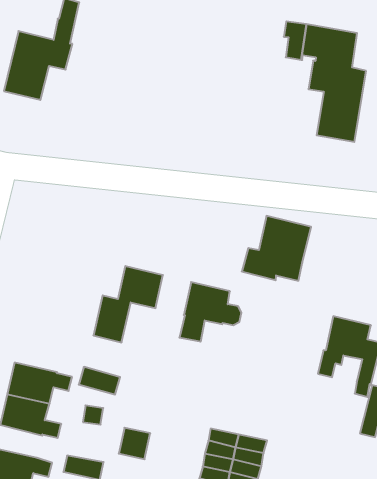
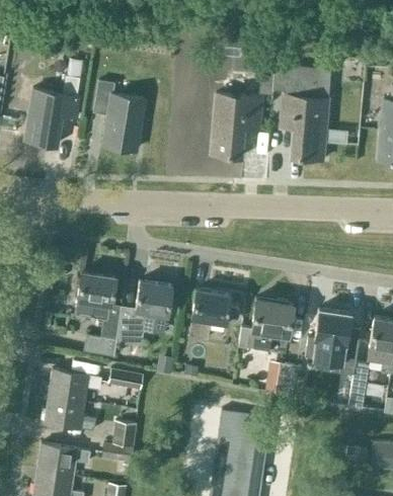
building: none -> [93,81,144,151]
building: none -> [212,93,263,157]
building: [242,216,311,281] -> [237,299,293,352]
building: none -> [74,271,122,355]
building: none -> [265,361,298,395]
building: [119,428,150,459] -> [111,421,137,446]

